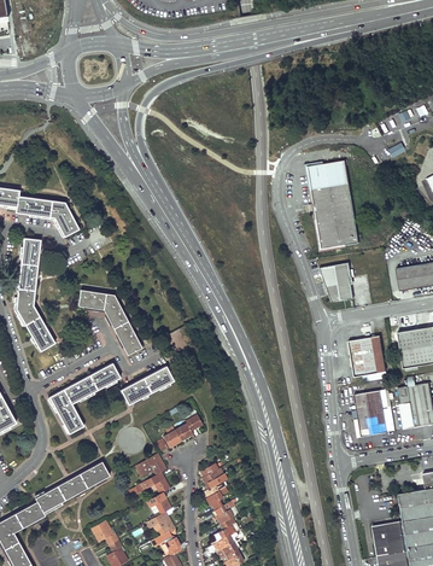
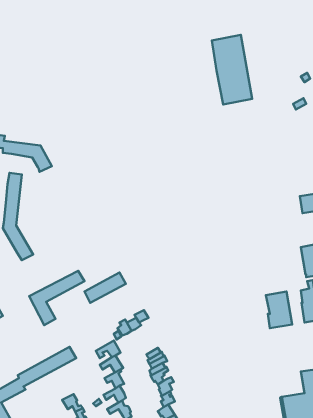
building: [308,161,359,250] -> [212,35,252,104]
building: [320,263,353,302] -> none
building: [78,290,142,355] -> none
building: [349,335,386,377] -> none

